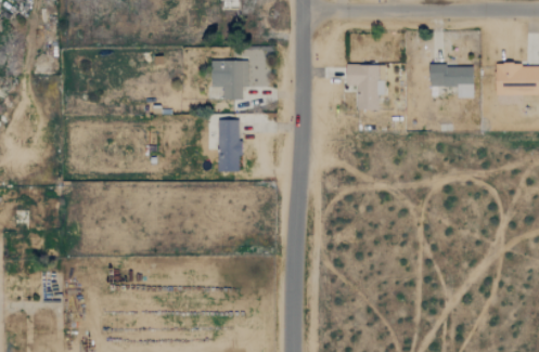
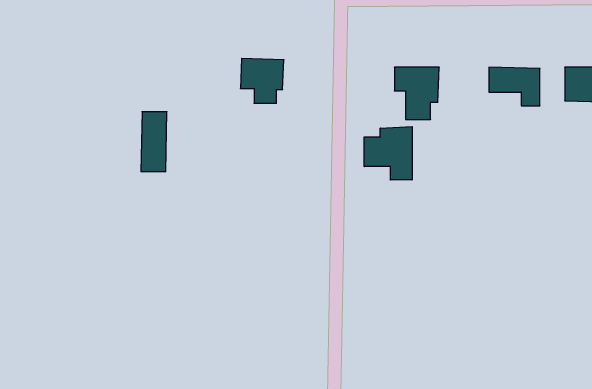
building: none -> [364,127,412,180]
building: [219,118,242,170] -> [141,112,167,172]

